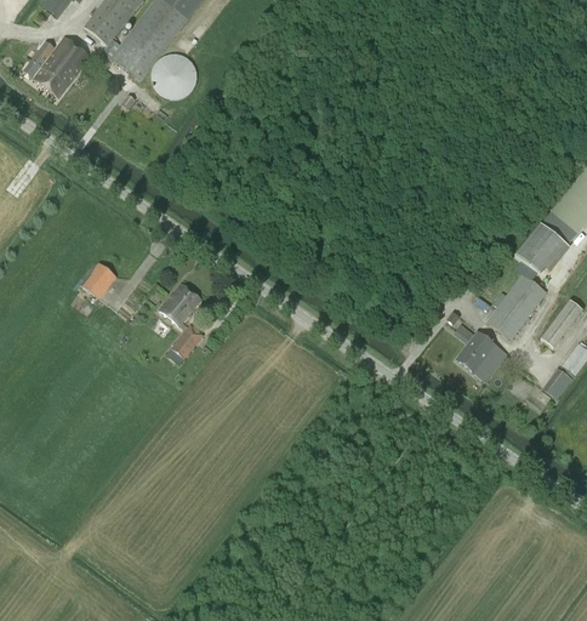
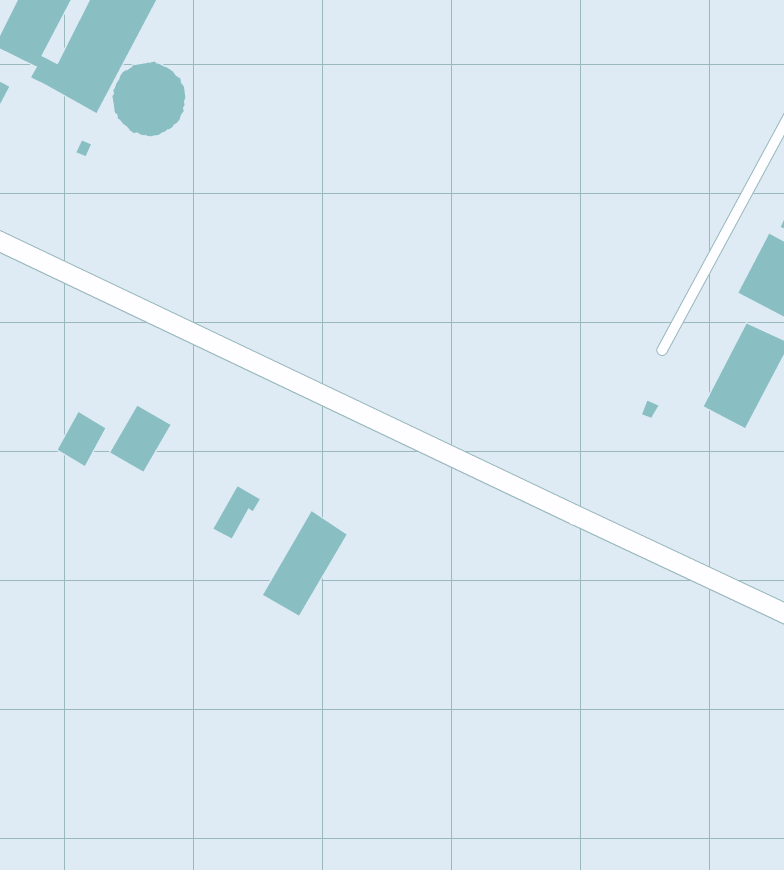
building: [160,283,201,325] -> [109,405,171,472]
building: [456,331,507,381] -> none
building: none -> [262,510,347,617]

